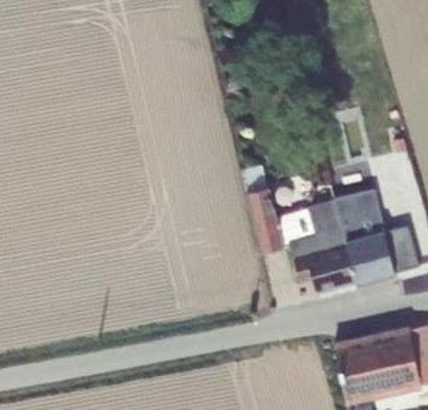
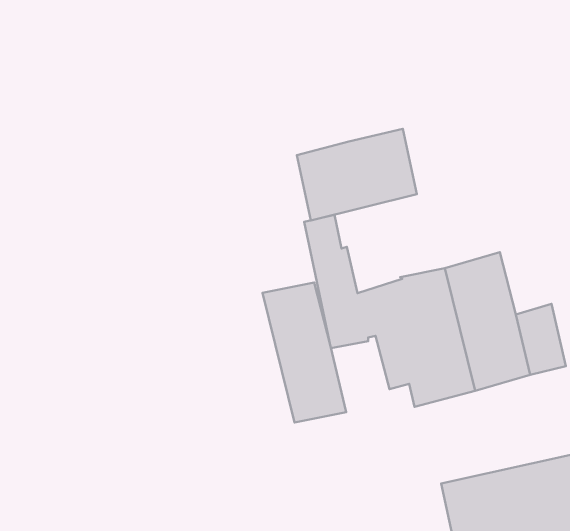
building: none -> [297,129,417,220]
building: none -> [263,283,346,422]

